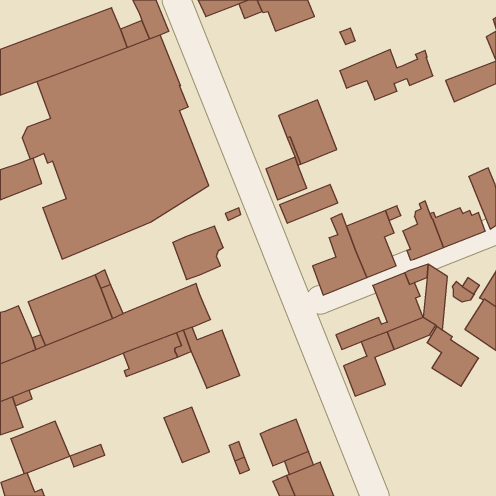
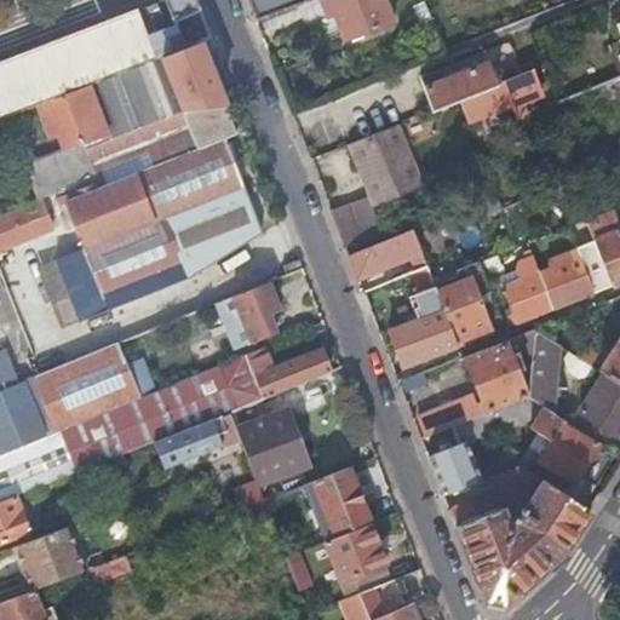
building: none -> [245,348,329,398]
building: none -> [449,464,591,605]
building: [164,407,209,463] -> [312,467,369,536]

